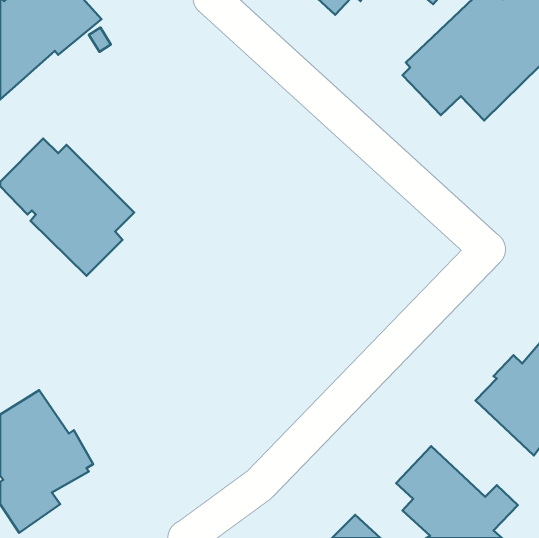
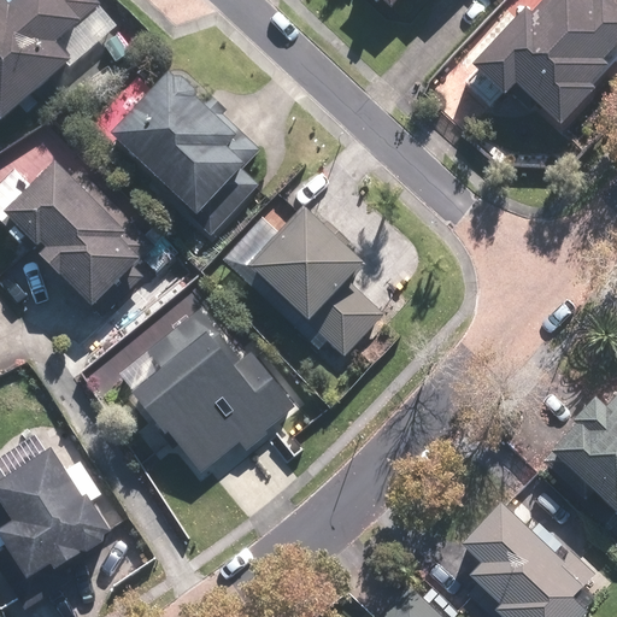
building: none -> [107,69,259,233]
building: none -> [243,208,381,351]
building: none -> [129,307,294,470]

